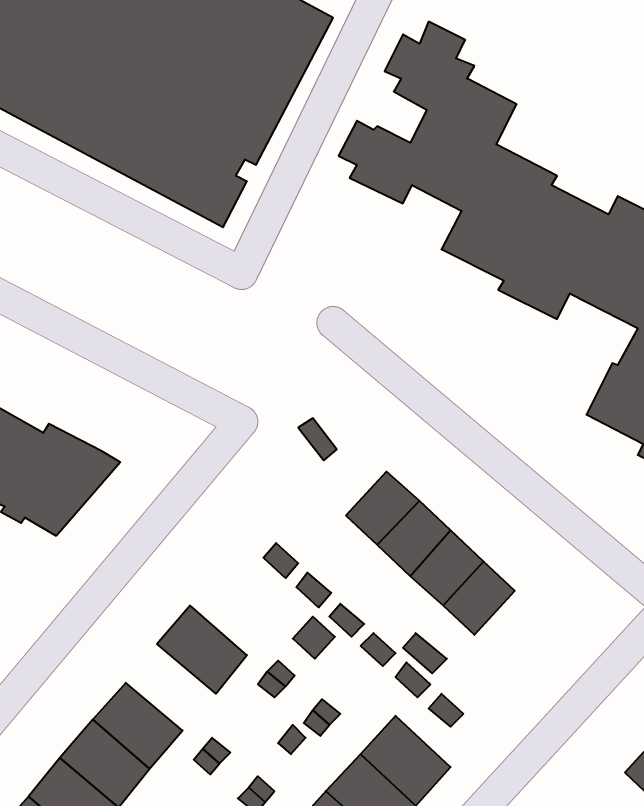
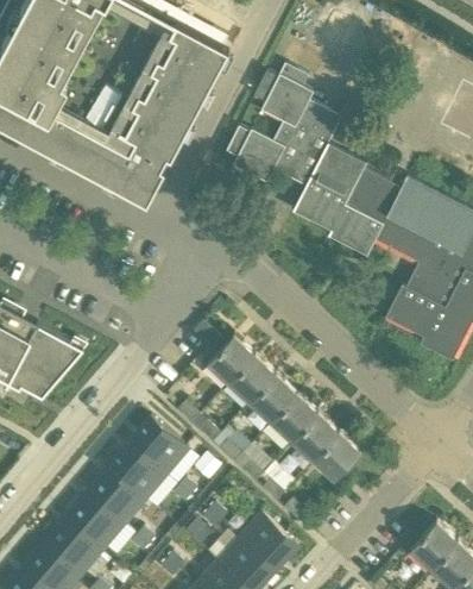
building: none -> [208,336,256,384]
building: none -> [128,418,188,475]
building: none -> [313,433,360,482]
building: none -> [87,468,145,524]

